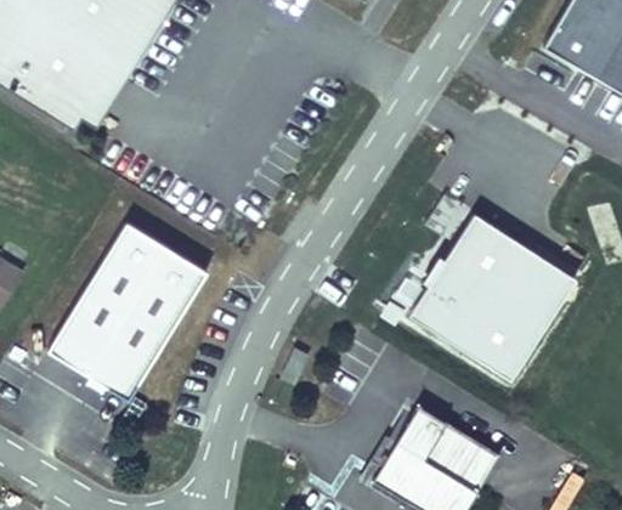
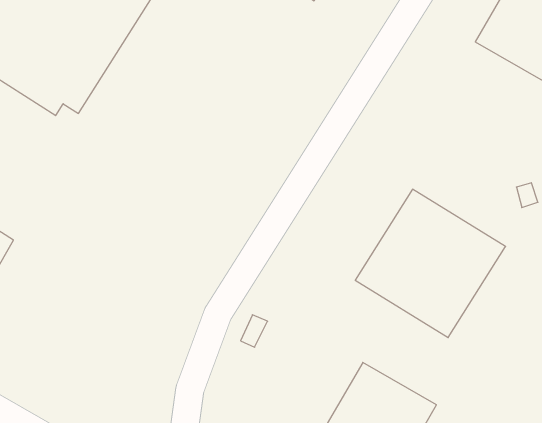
building: [47,221,205,398] -> none

